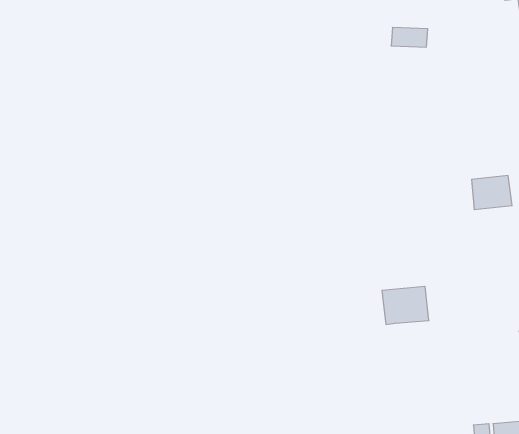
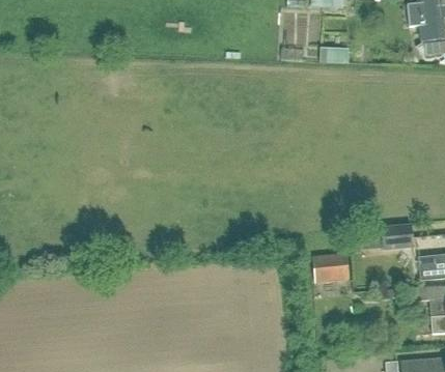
building: [472,176,512,210] -> [382,223,414,250]

